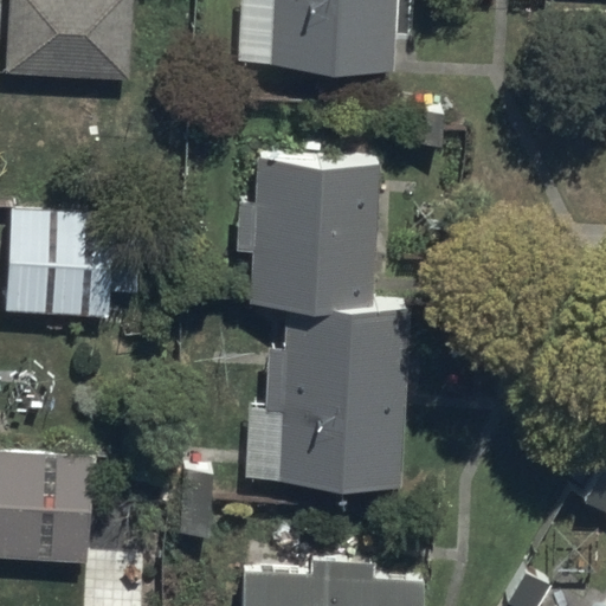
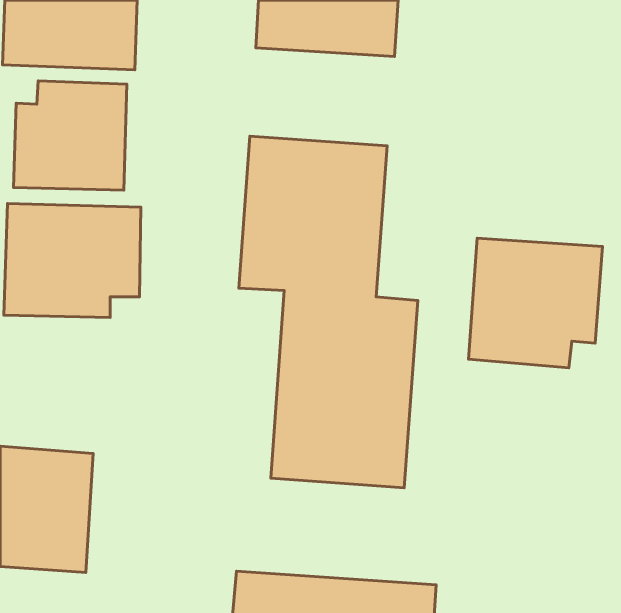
building: none -> [13,81,127,190]
building: none -> [469,238,603,368]

